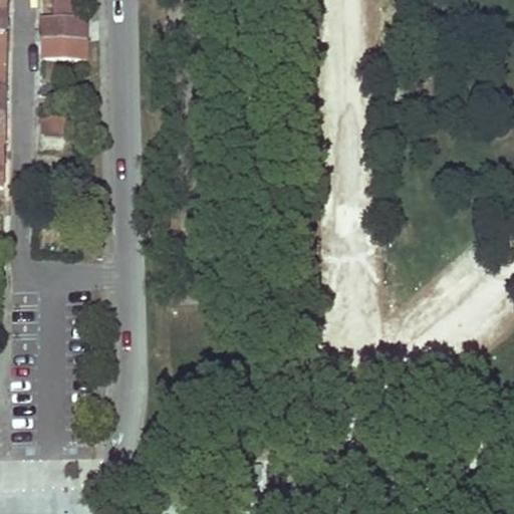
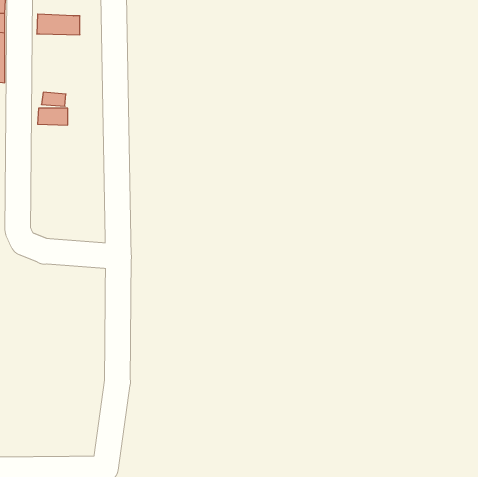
building: [41,36,85,58] -> none

